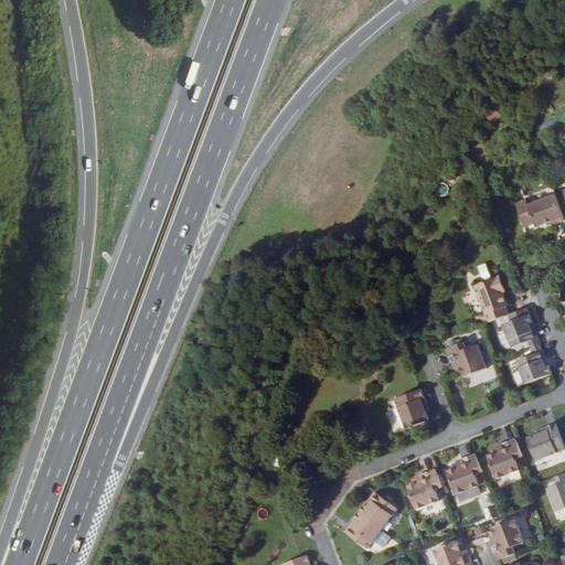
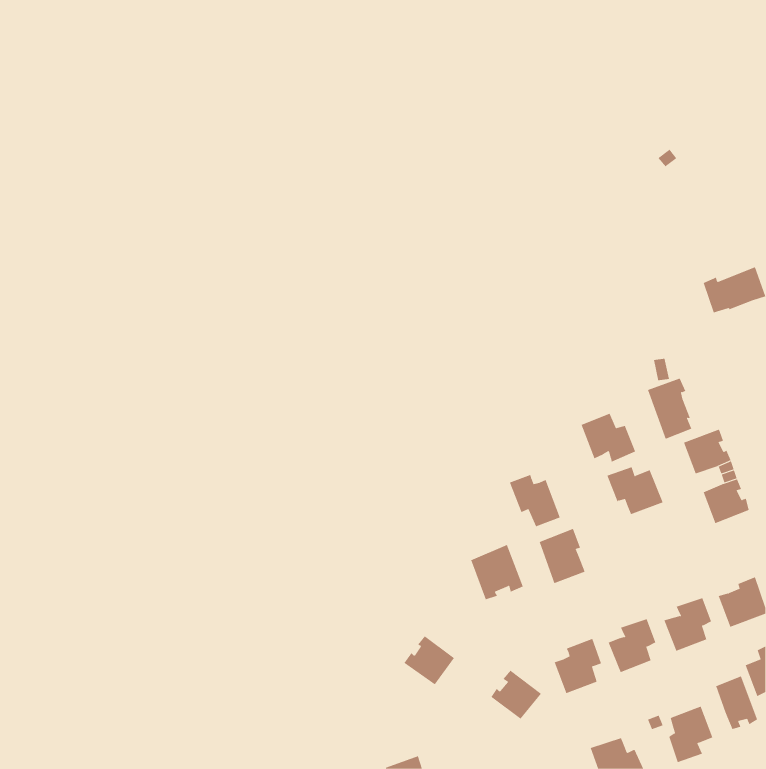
building: none -> [581,413,636,463]
building: none -> [509,474,561,527]
building: none -> [470,544,524,600]
building: none -> [715,676,758,730]
building: [344,511,382,547] -> [404,636,455,685]

